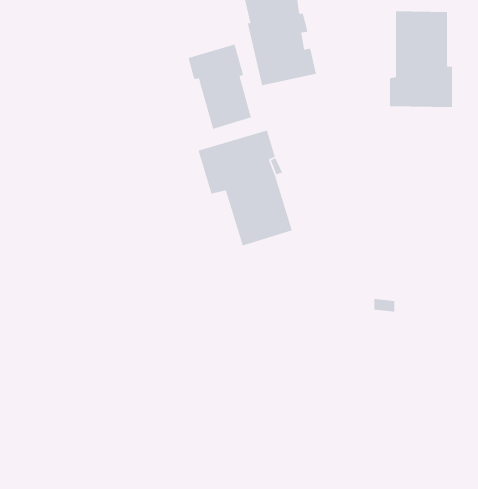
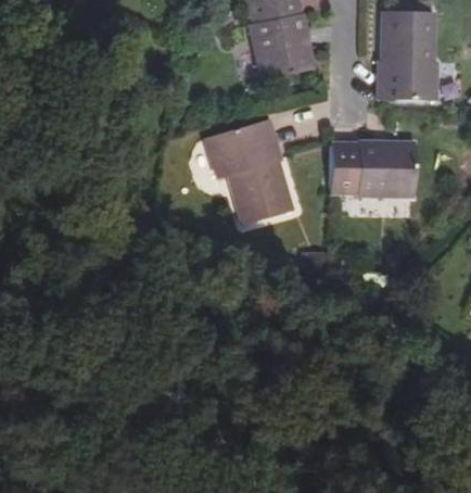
building: [188,43,252,130] -> none
building: none -> [330,142,416,195]

